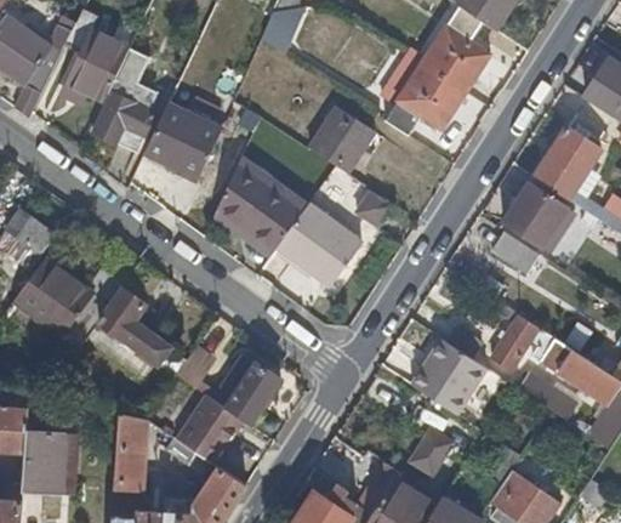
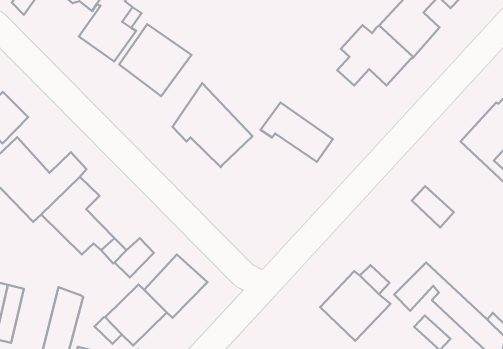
building: [308,108,374,175] -> none
building: [503,183,565,246] -> none
building: [275,206,359,286] -> none

